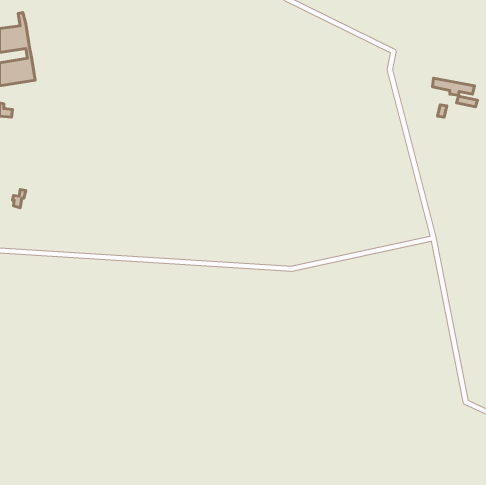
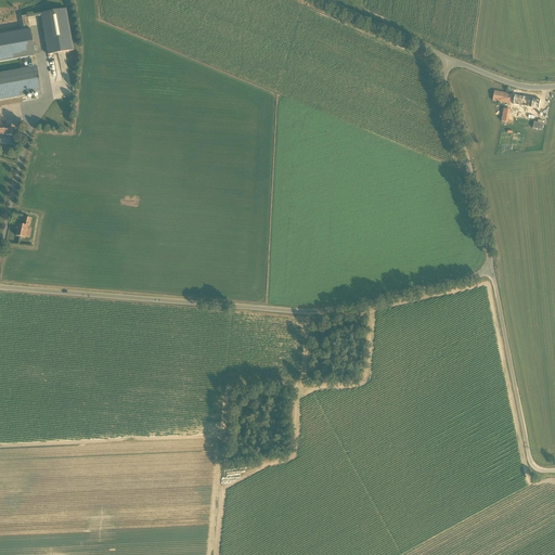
building: none -> [39,7,73,53]

